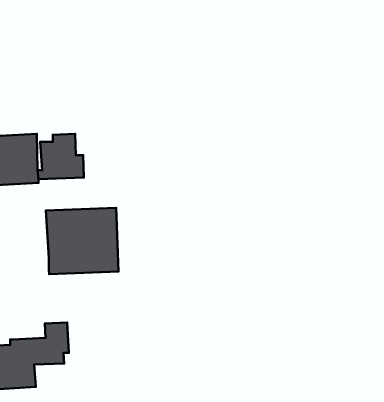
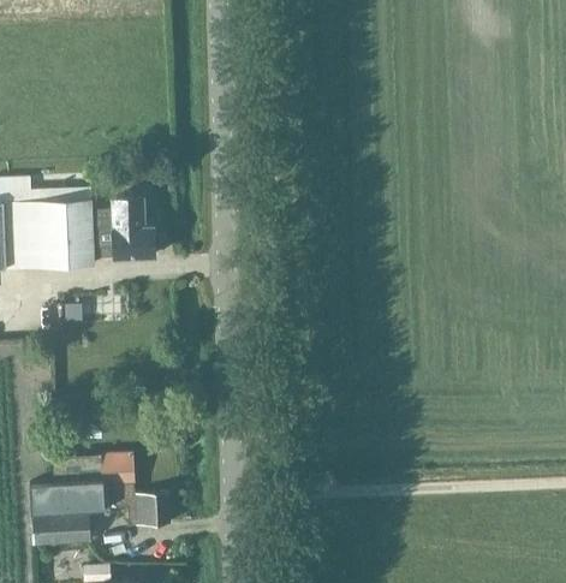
building: [46,208,119,274] -> none
building: none -> [127,493,169,525]

